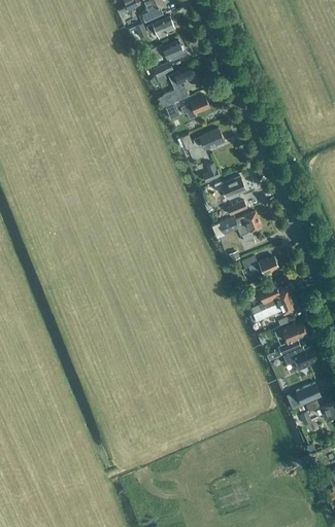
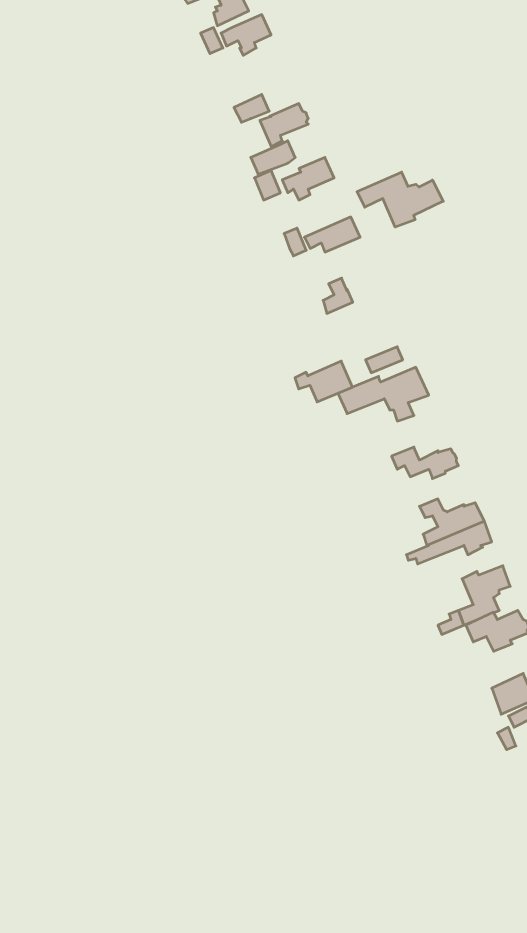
building: [150,40,185,60] -> none
building: none -> [357,172,443,227]
building: [214,175,246,198] -> [295,361,352,402]

